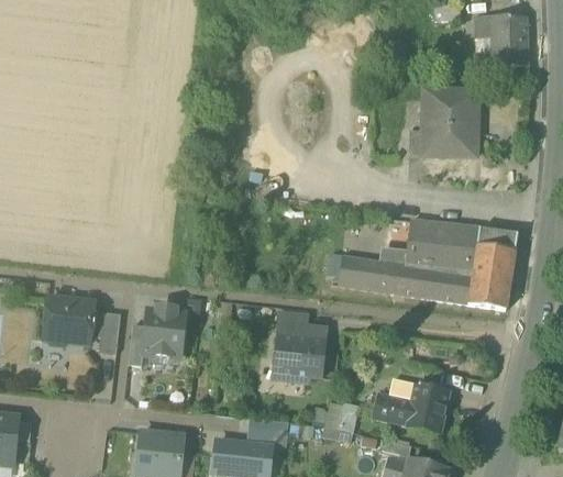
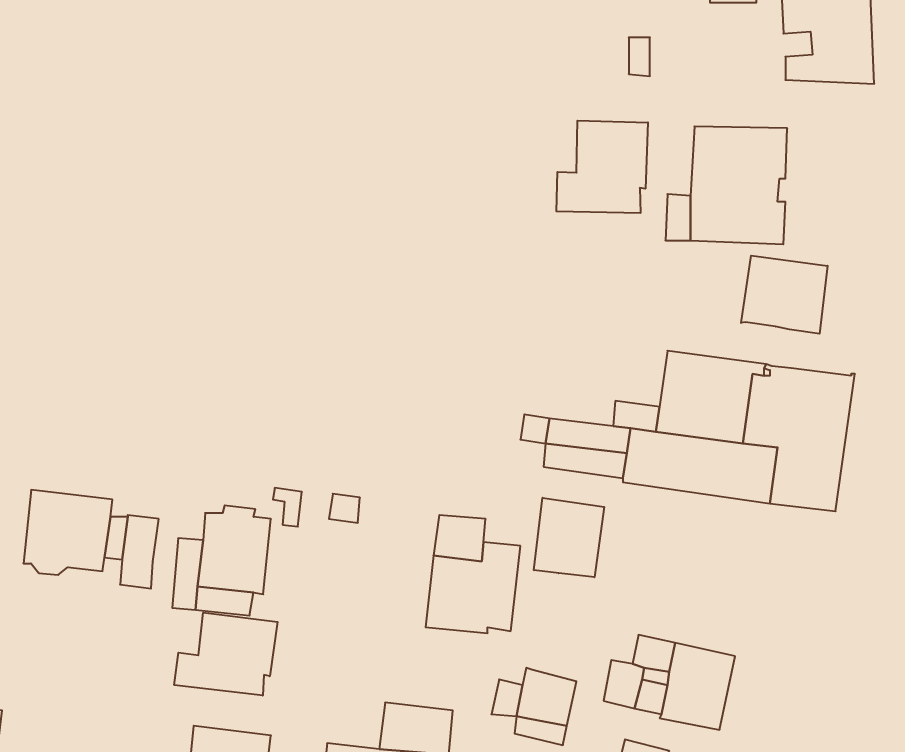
building: none -> [556,121,648,213]
building: none -> [741,256,828,334]
building: none -> [534,498,604,577]
building: none -> [174,613,278,696]

